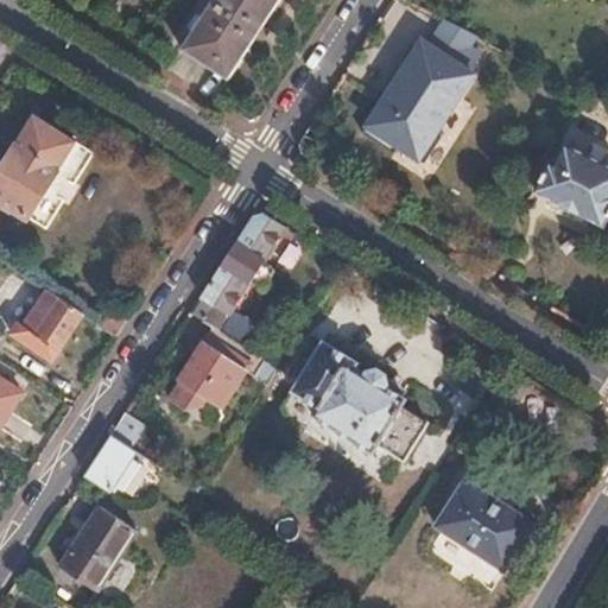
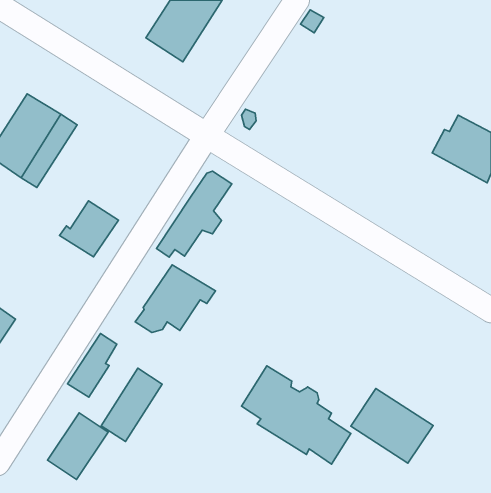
building: [359,8,494,165] -> none
building: [8,292,81,361] -> [60,201,119,257]
building: [290,340,424,461] -> [242,366,351,464]
building: none -> [101,368,162,442]

